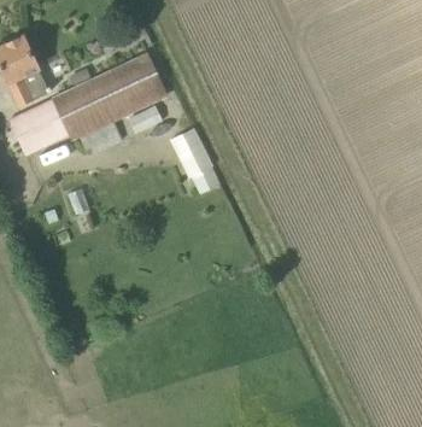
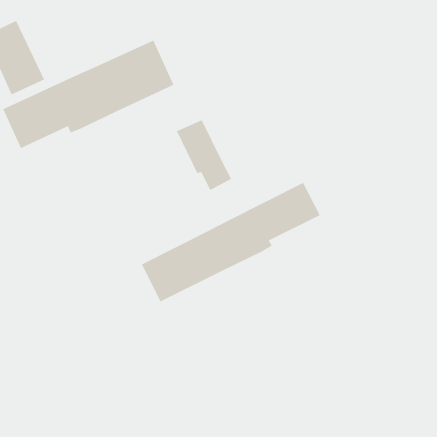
building: none -> [141,182,321,302]

